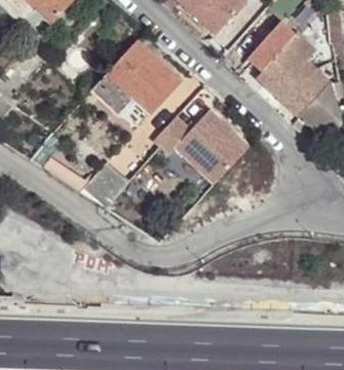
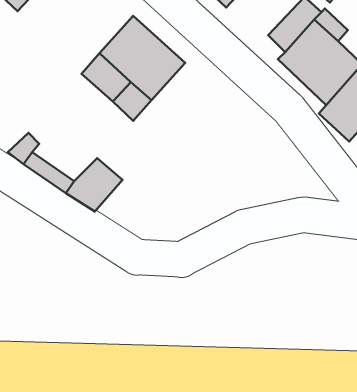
building: [154,106,246,180] -> none

